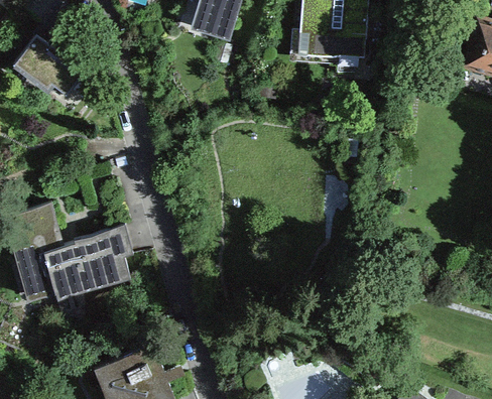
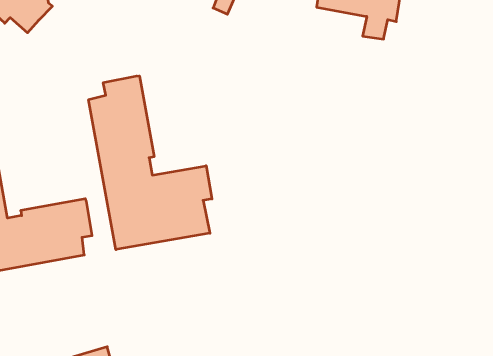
building: none -> [89,76,212,250]

